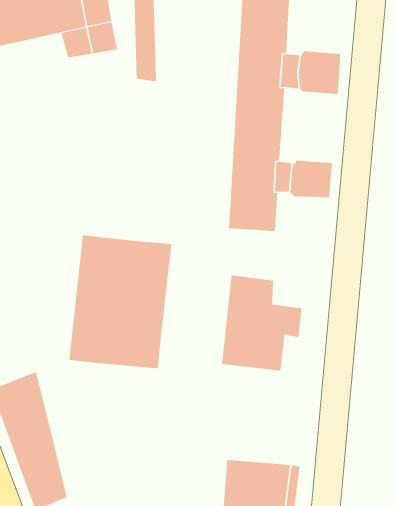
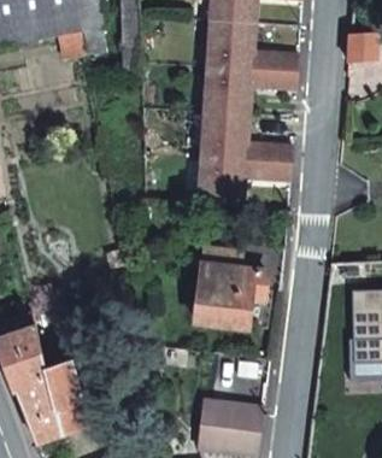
building: [69,235,172,369] -> none
building: none -> [46,364,87,434]

